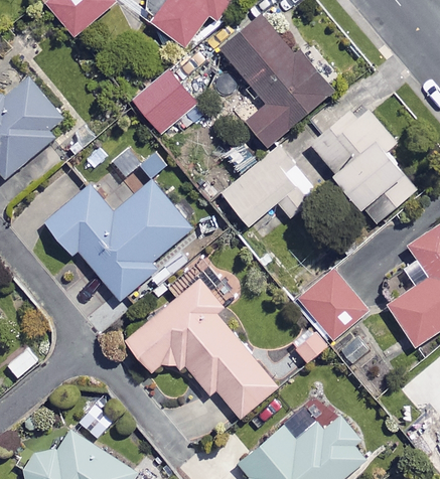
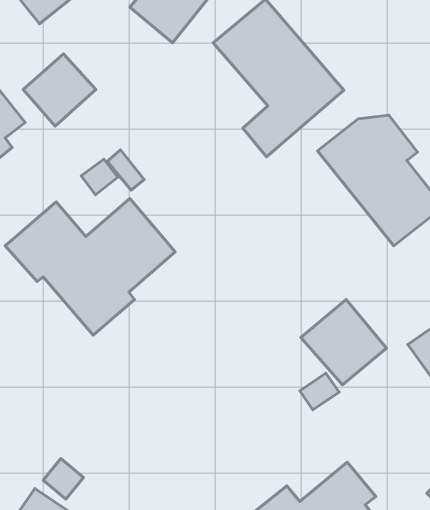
building: [134,71,195,133] -> [23,54,96,126]
building: [221,146,317,226] -> none
building: [125,277,276,418] -> none

